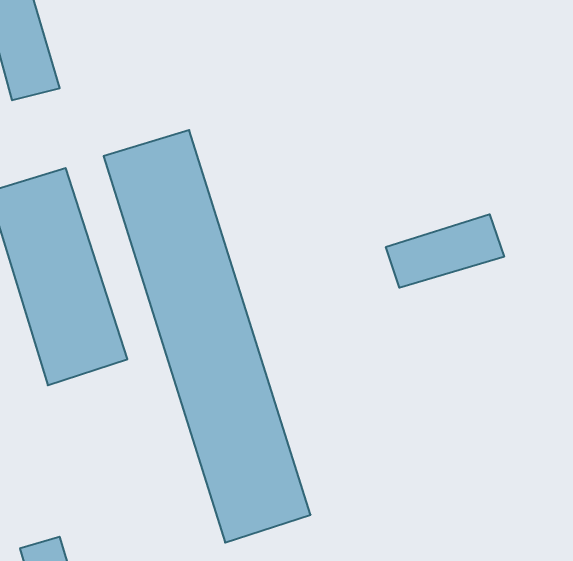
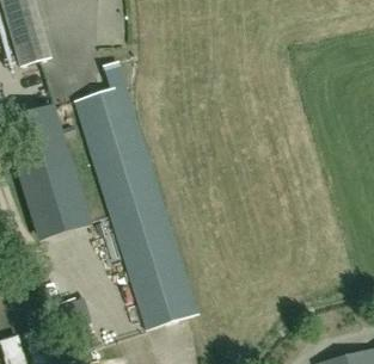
building: [386,214,504,288] -> none

